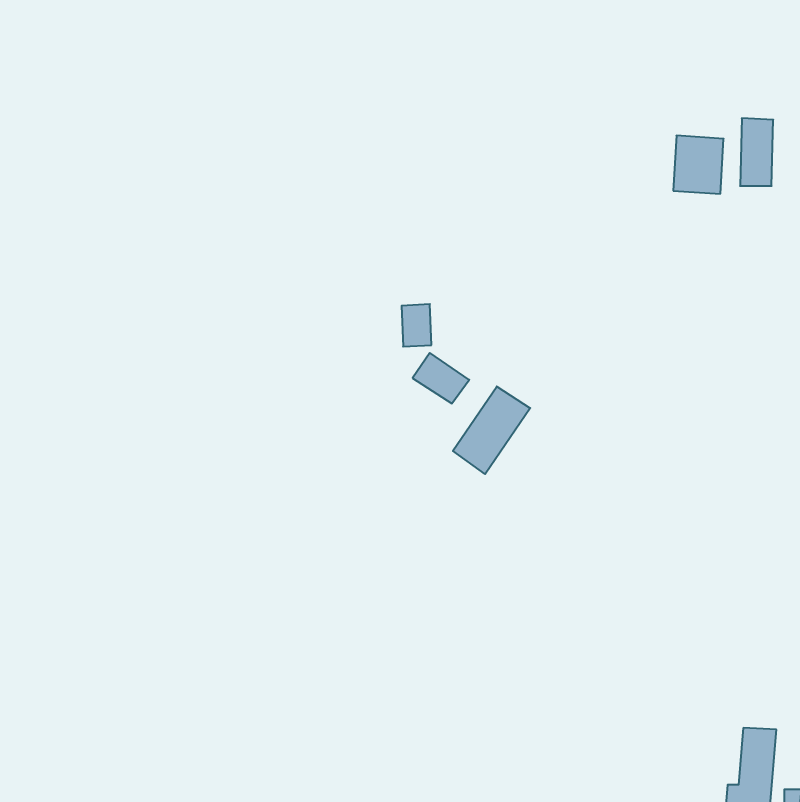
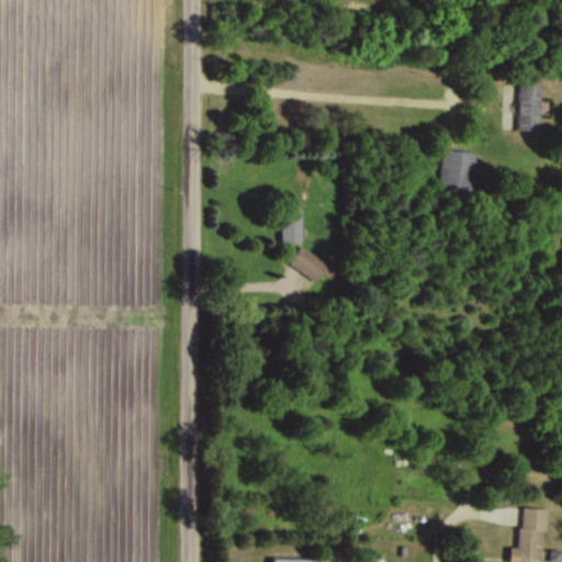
building: [673,136,724,194] -> [441,151,476,192]
building: [453,386,530,474] -> none

